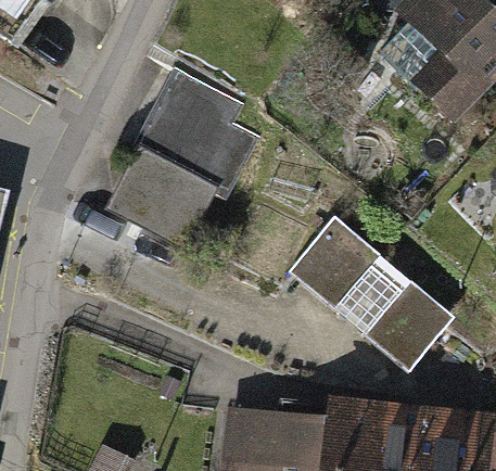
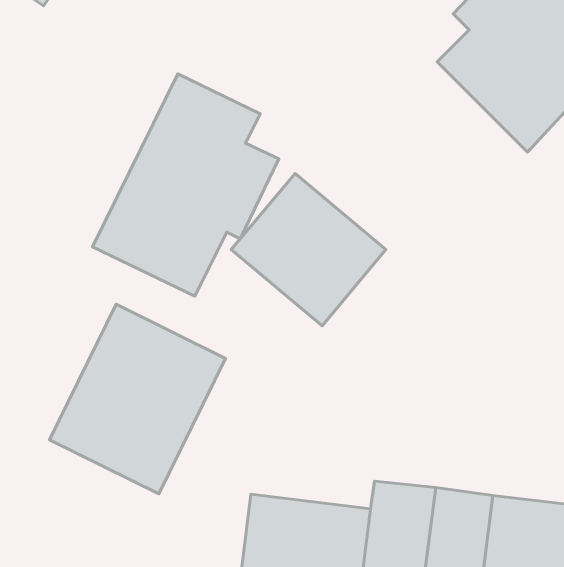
building: none -> [231,173,386,326]
building: [290,216,457,372] -> none
building: none -> [49,304,226,494]

